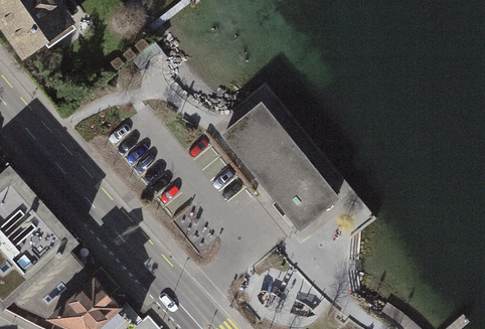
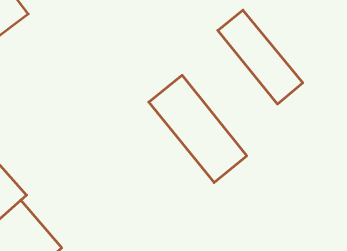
building: none -> [218,10,303,104]

